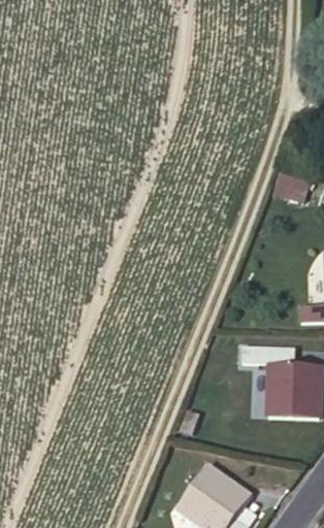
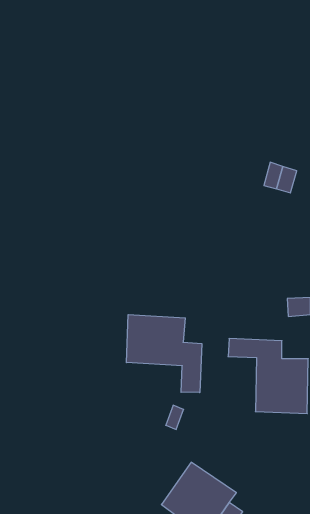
building: none -> [126,315,202,393]

